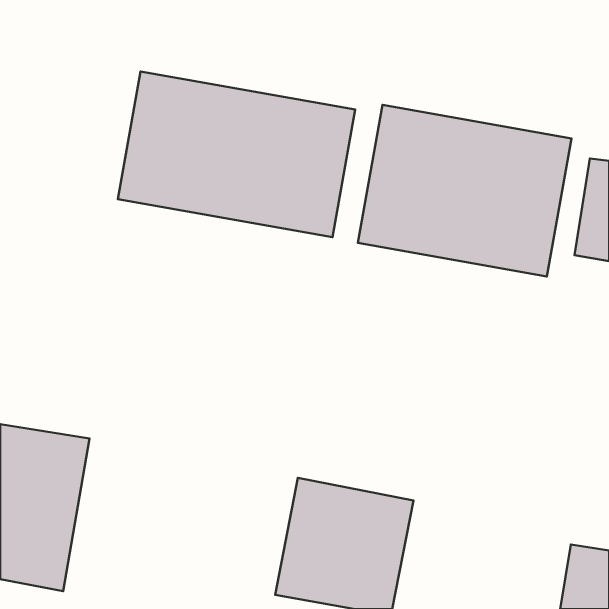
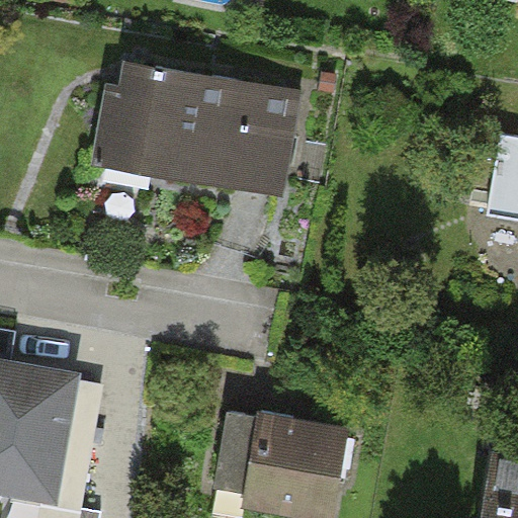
building: [358,105,572,276] -> none

